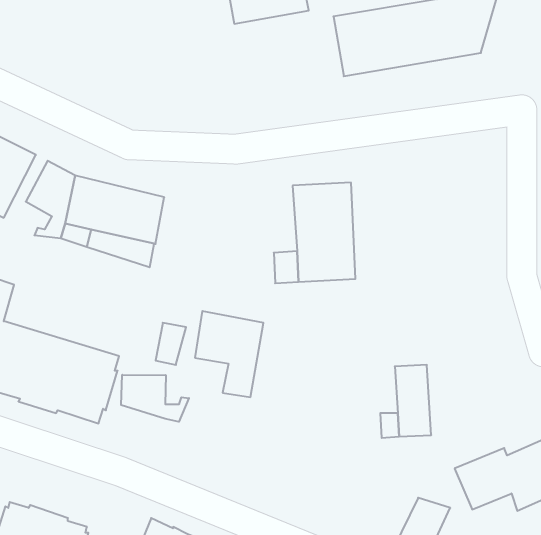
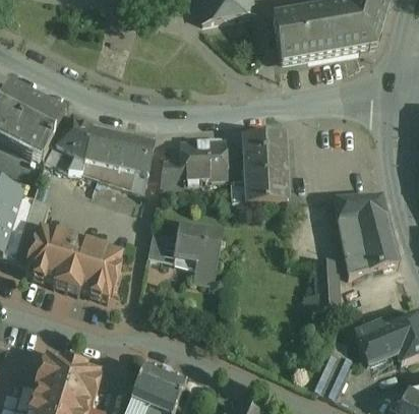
building: none -> [159,137,228,186]
building: none -> [336,194,400,275]
building: [121,375,189,422] -> none

